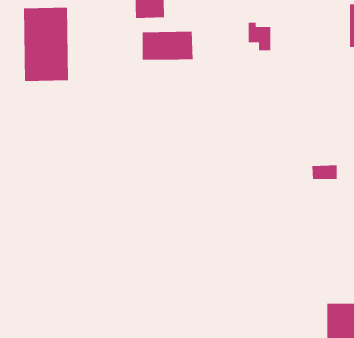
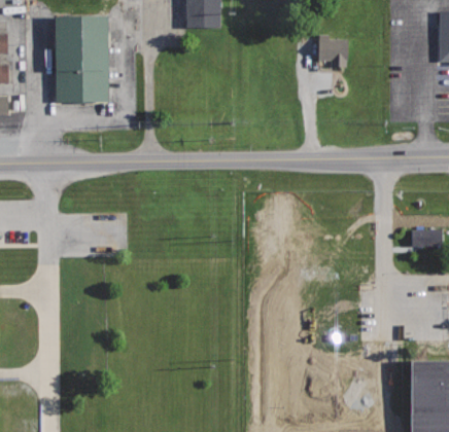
building: [142,31,193,61] -> none
building: [311,165,338,180] -> [408,230,439,248]

